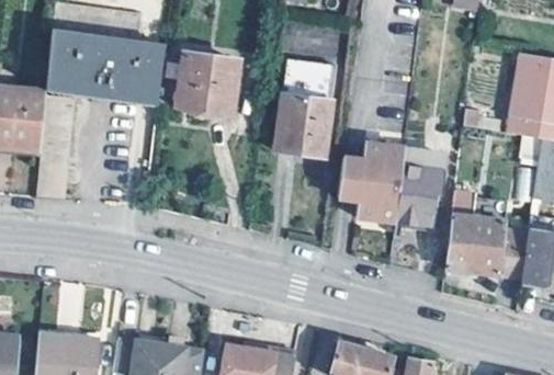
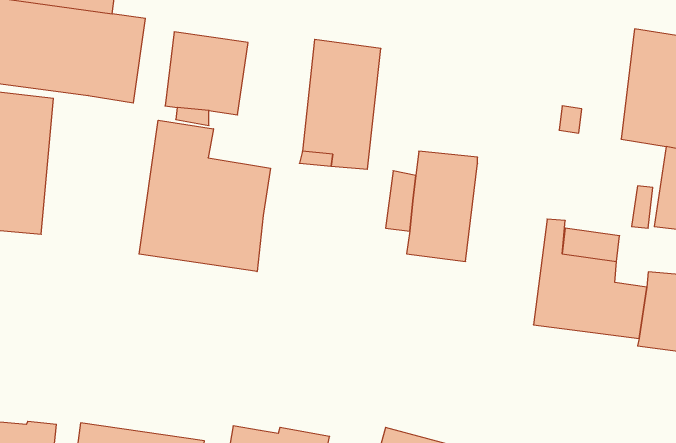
building: none -> [139,120,270,272]
building: [394,150,442,231] -> none

